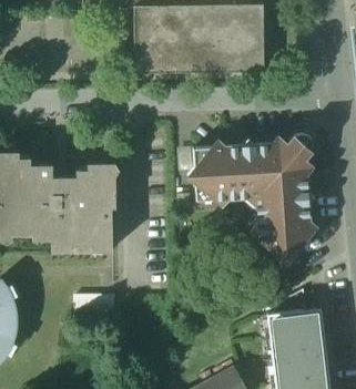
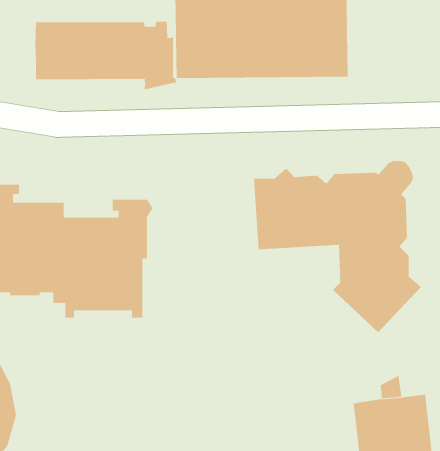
building: none -> [35,21,176,90]

